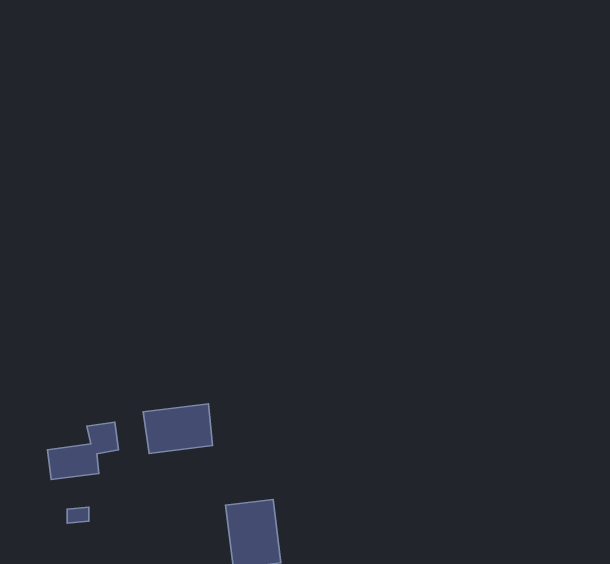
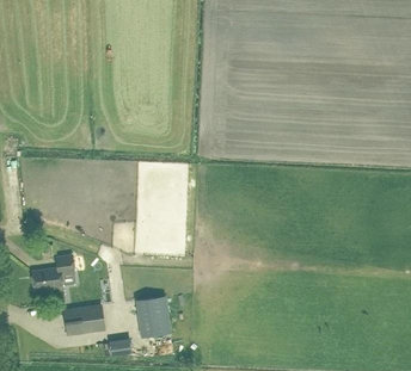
building: [143,404,213,454] -> [63,304,105,334]

